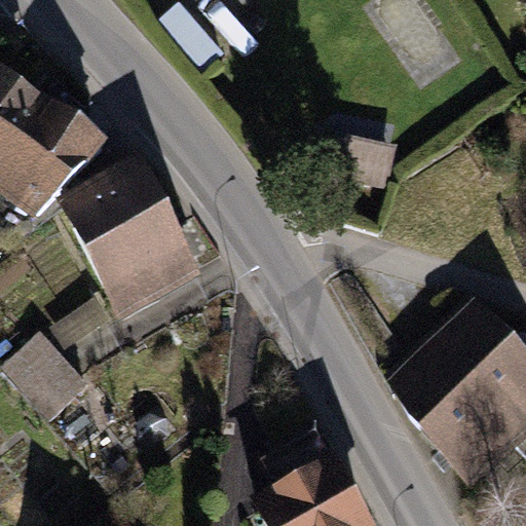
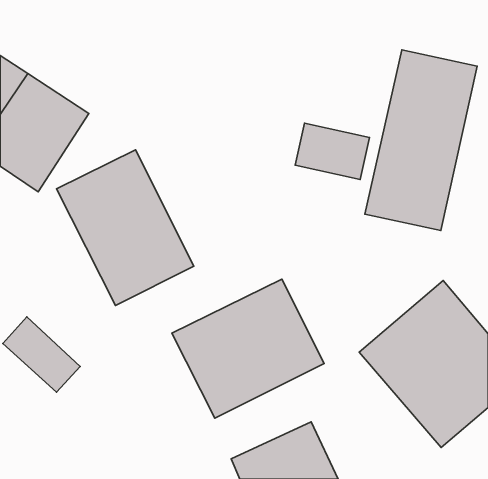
building: none -> [365,50,477,230]
building: none -> [172,279,324,418]

